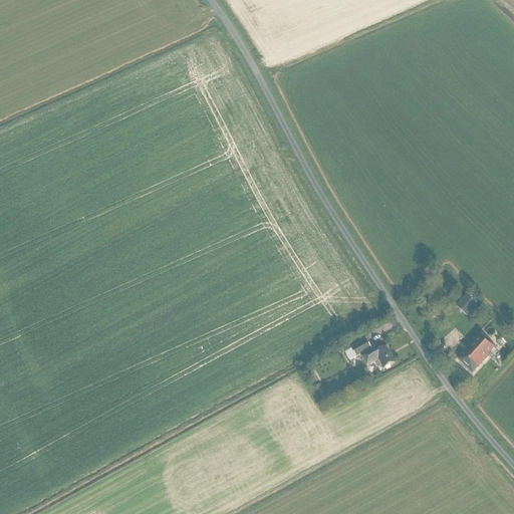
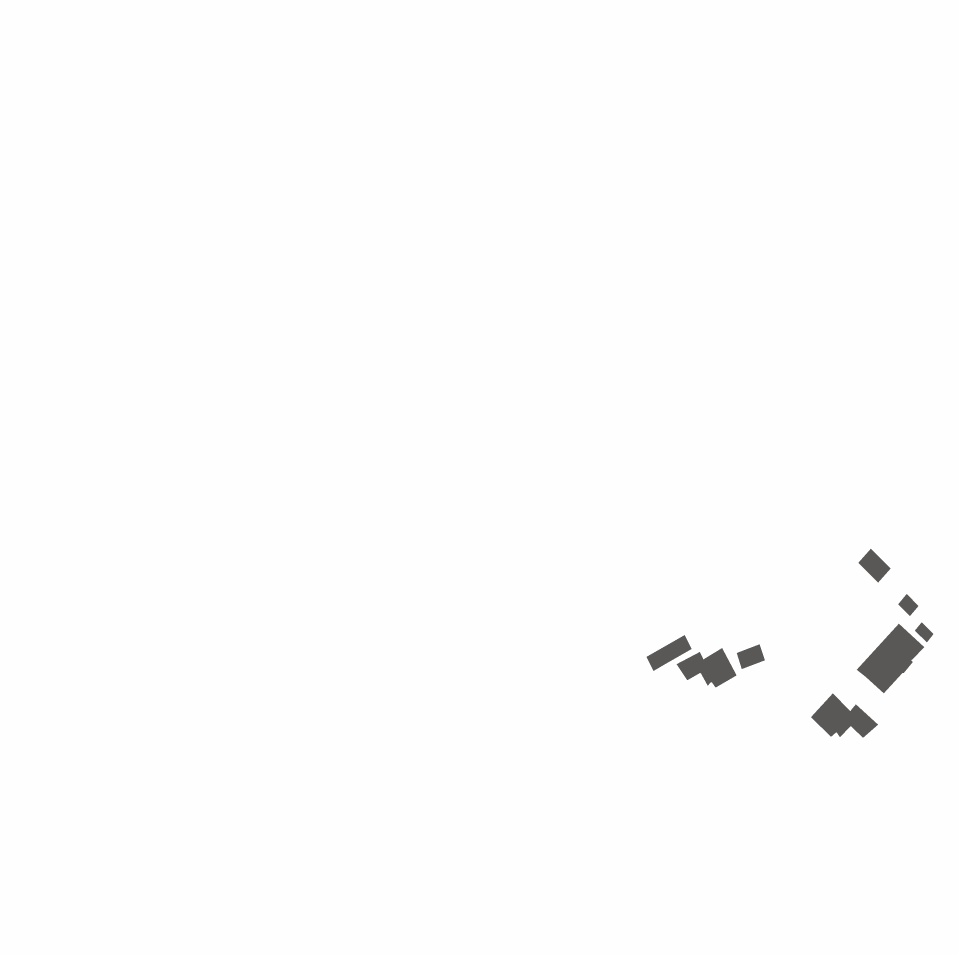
building: none -> [810,693,879,739]

